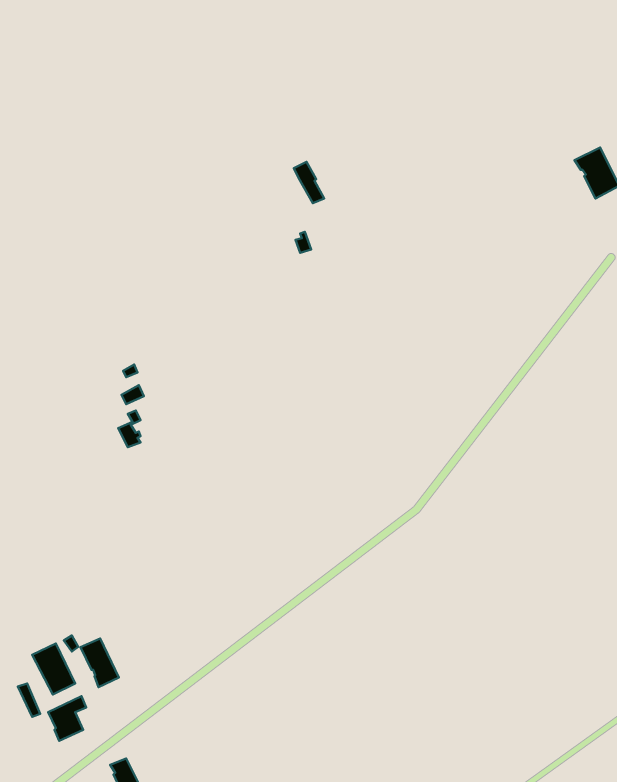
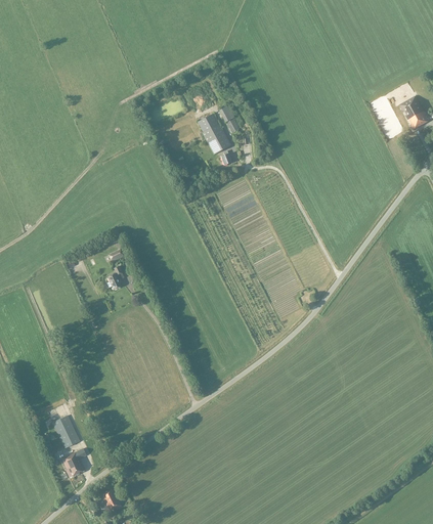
building: none -> [200,113,231,152]
building: [81,639,119,687] -> none

